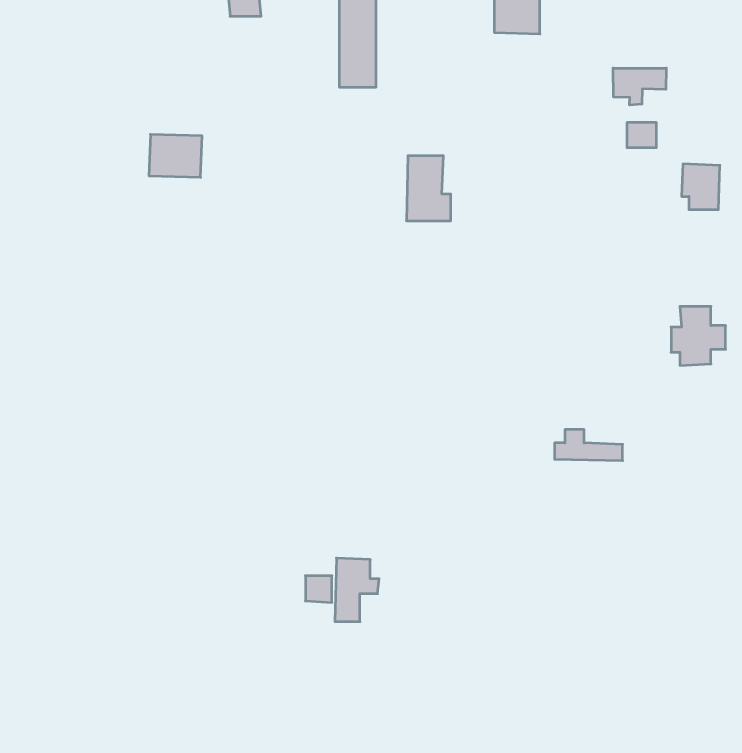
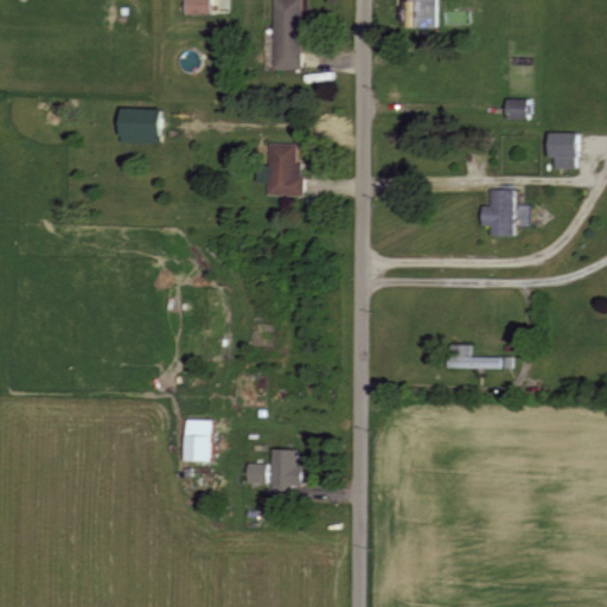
building: [613,68,666,105] -> none
building: [406,156,451,221] -> [267,142,302,194]
building: [671,306,726,365] -> [481,189,525,236]
building: none -> [185,418,212,461]

